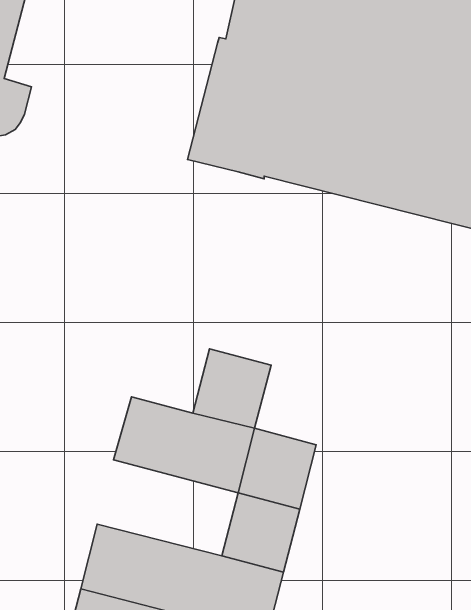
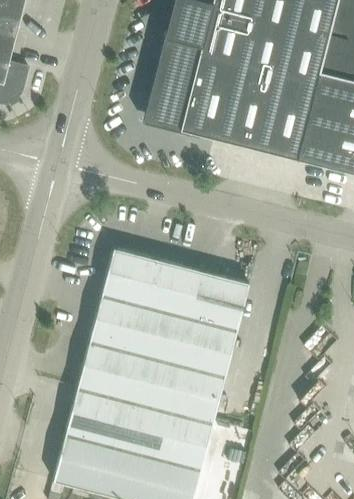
building: none -> [102,247,159,306]
building: none -> [192,271,249,329]
building: none -> [77,340,180,410]

